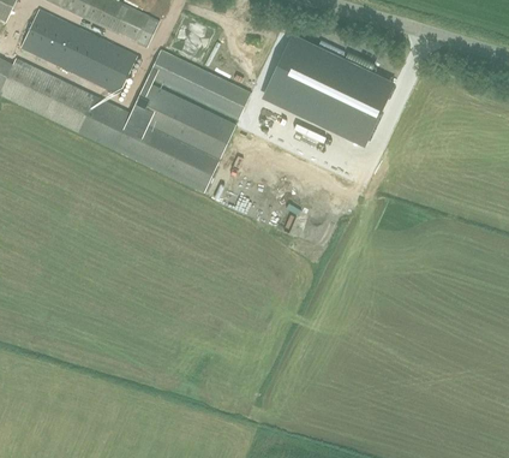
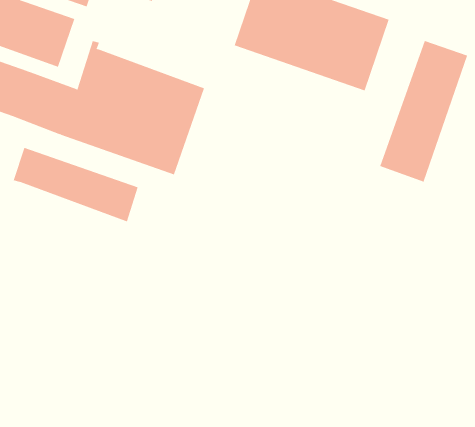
building: [148,48,250,119] -> [13,147,138,222]
building: none -> [380,40,468,183]

